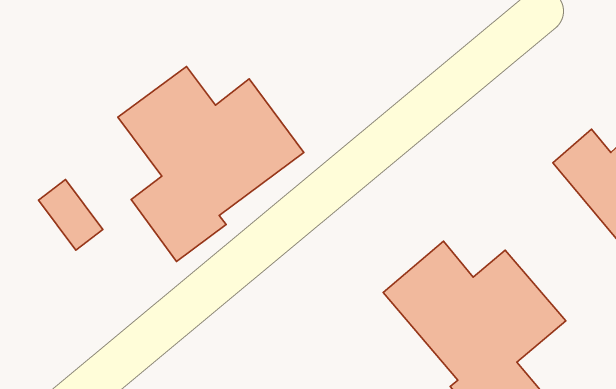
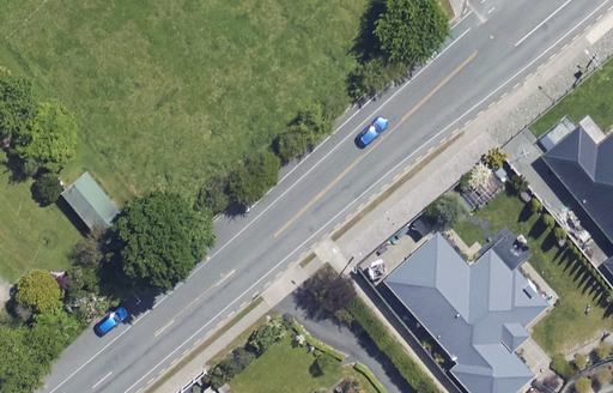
building: [118,66,304,262] -> none

